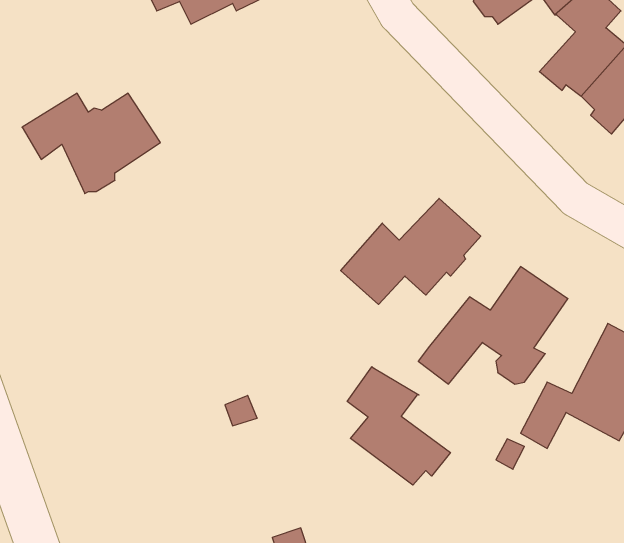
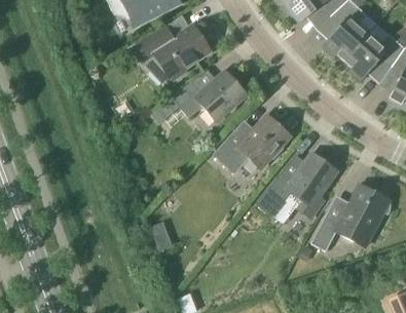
building: [22,93,160,194] -> [136,24,211,78]
building: none -> [171,70,247,120]
building: [347,367,450,485] -> none

